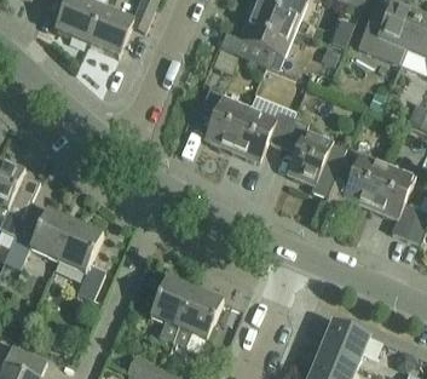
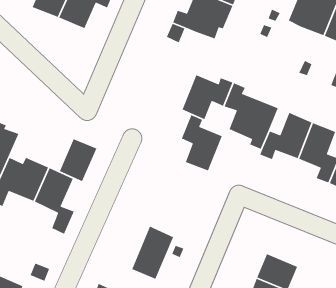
building: [198,84,248,151] -> [181,114,223,172]
building: none -> [59,138,97,182]
building: [149,277,194,340] -> none

